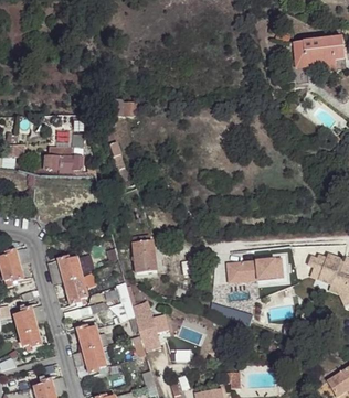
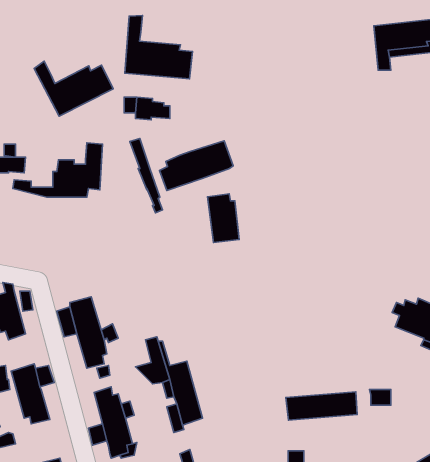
building: none -> [125,16,192,79]
building: none -> [34,61,113,116]
building: none -> [159,141,233,190]
building: [131,234,156,271] -> [208,194,239,242]
building: [228,258,283,280] -> [286,392,357,420]

